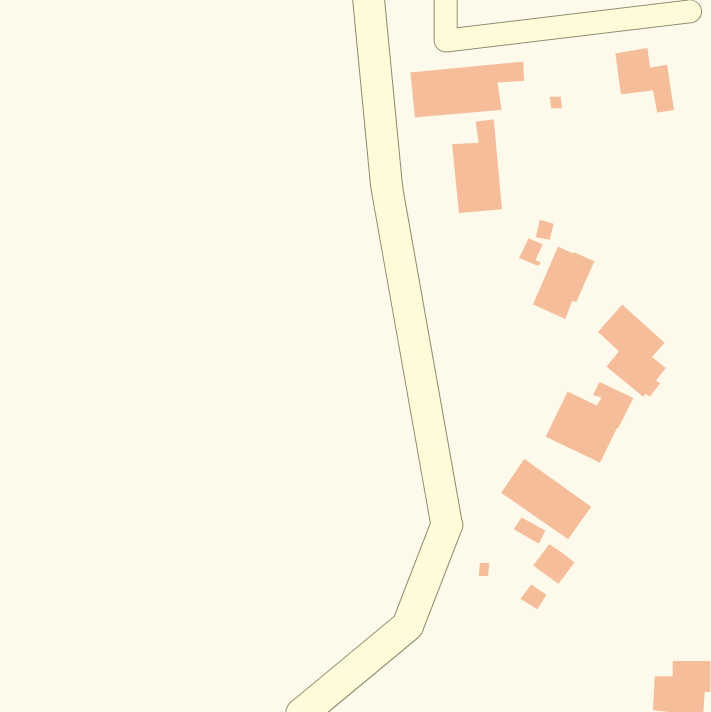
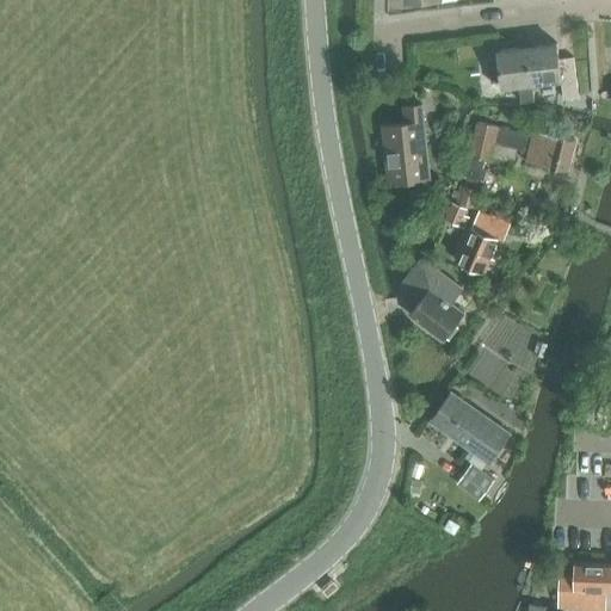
building: none -> [487,47,531,95]
building: [410,61,525,118] -> none
building: none -> [467,124,572,172]
building: [597,304,667,397] -> [401,259,461,339]

